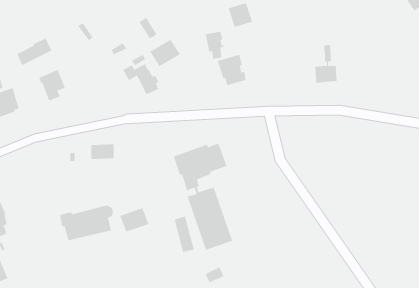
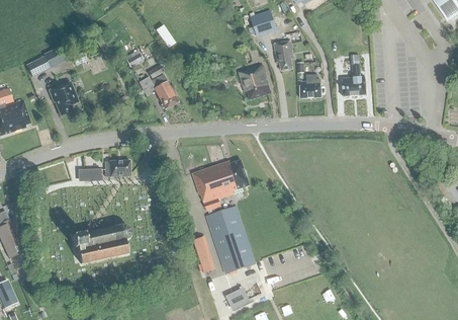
building: [205,31,224,60] -> [273,39,293,70]
building: [149,39,181,67] -> none
building: none -> [299,74,320,97]
building: [119,207,149,233] -> none

